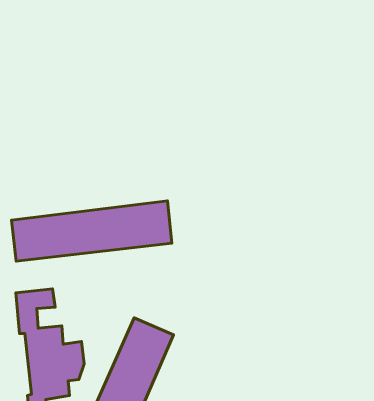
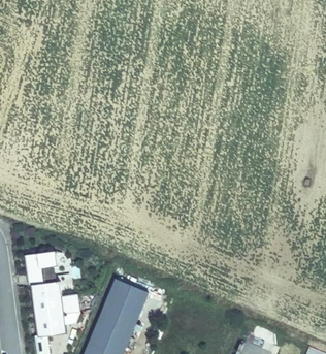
building: [11,201,172,261] -> none

